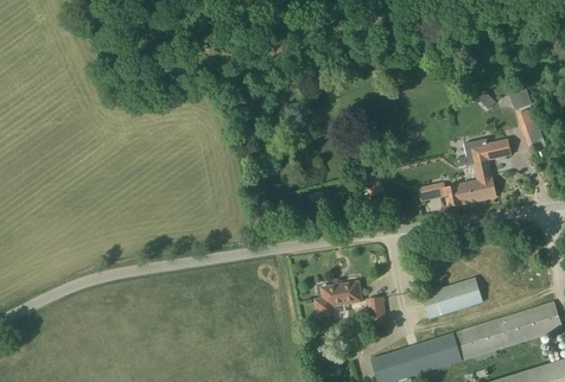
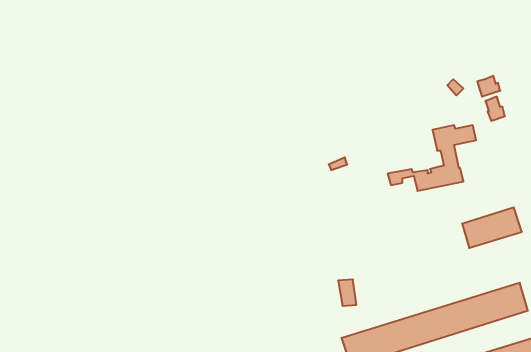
building: [420,278,482,319] -> [462,208,522,248]
building: [312,281,361,317] -> none

